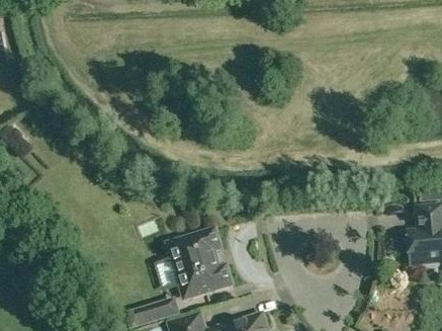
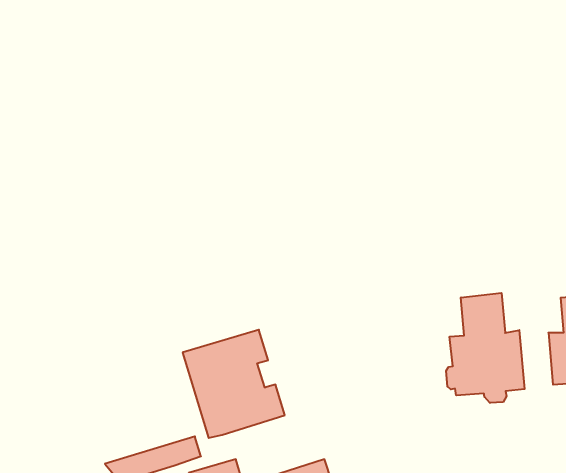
building: none -> [446,293,525,403]

